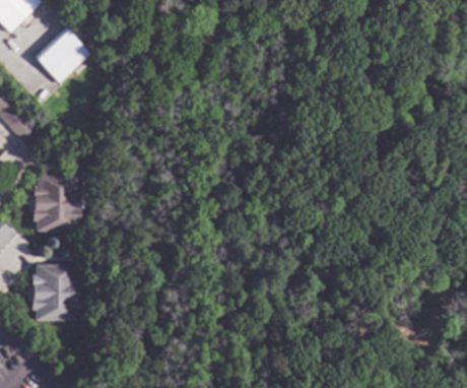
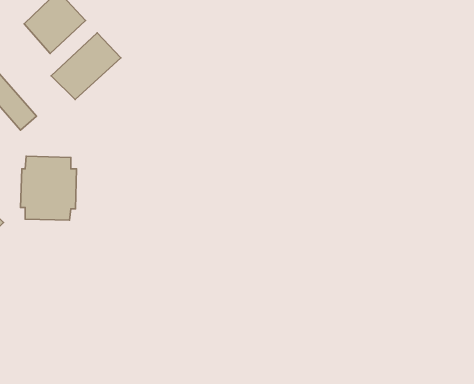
building: none -> [51,33,121,99]
building: [30,263,79,320] -> none

